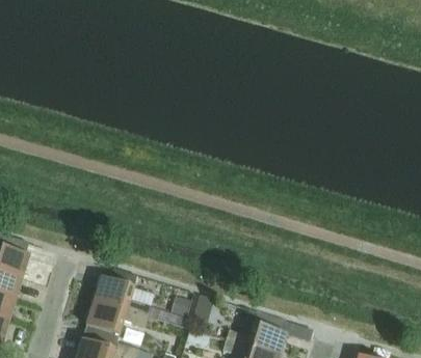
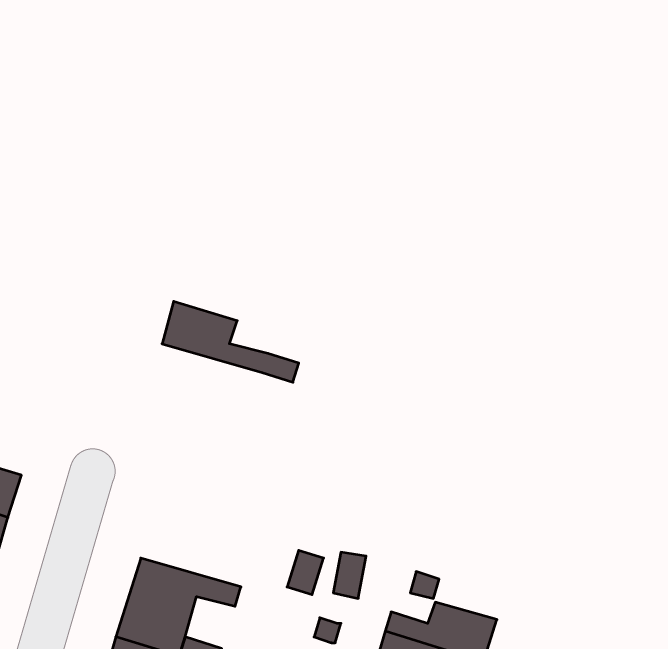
building: [93,279,166,323] -> [162,301,299,382]

